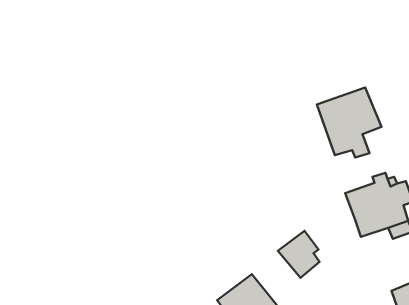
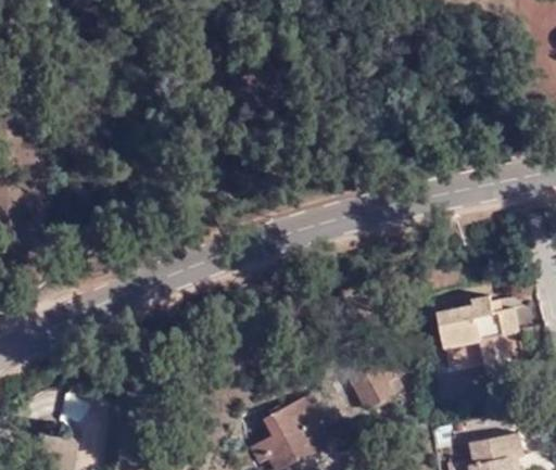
building: [317,87,382,158] -> none

